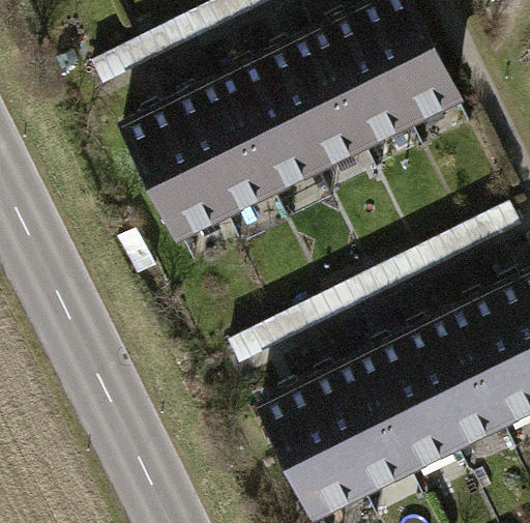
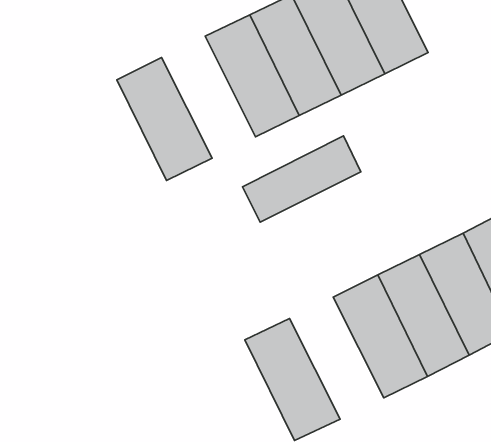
building: [177,84,277,214] -> none
building: none -> [242,136,361,222]
building: [314,362,414,493] -> none

